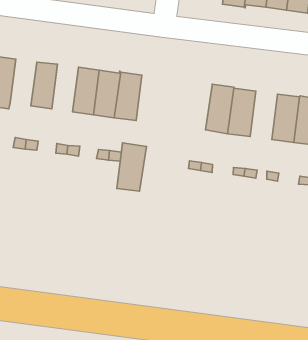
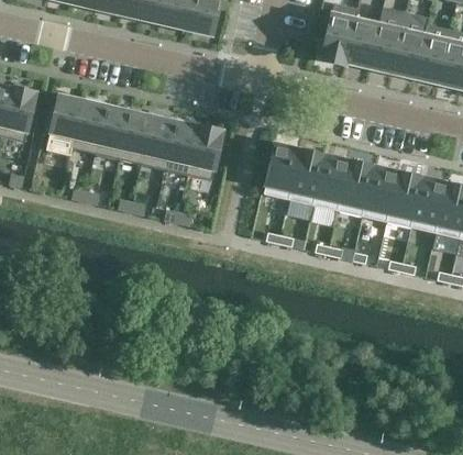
building: none -> [73,100,107,154]
building: none -> [119,110,153,165]
building: none -> [339,159,374,217]
building: [117,143,146,191] -> [264,143,301,199]

